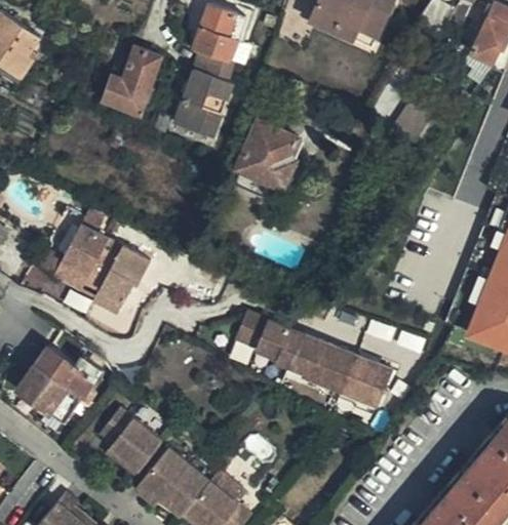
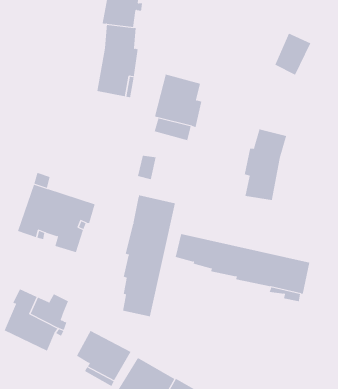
building: [103,45,159,113] -> none
building: none -> [244,129,287,201]
building: none -> [123,195,176,317]

